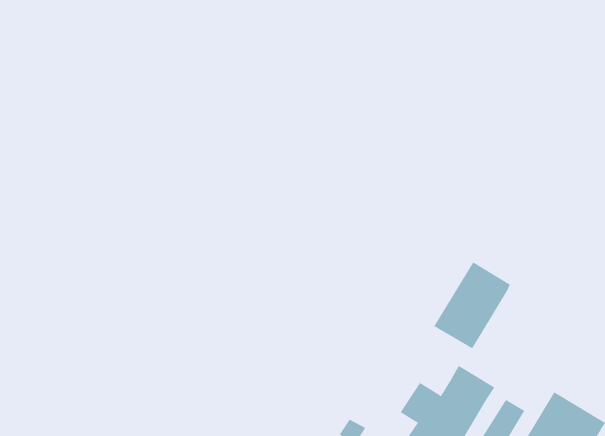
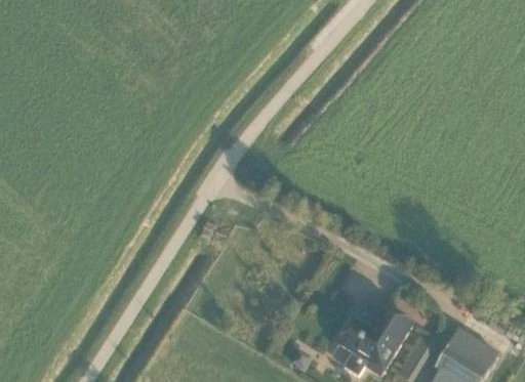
building: [434,261,511,349] -> none

